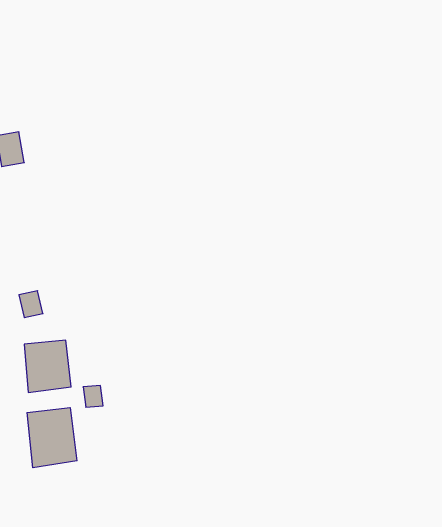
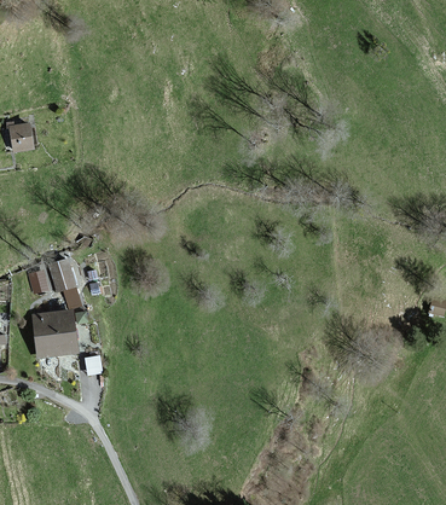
building: none -> [50,257,82,308]
building: [27,408,77,468] -> none

